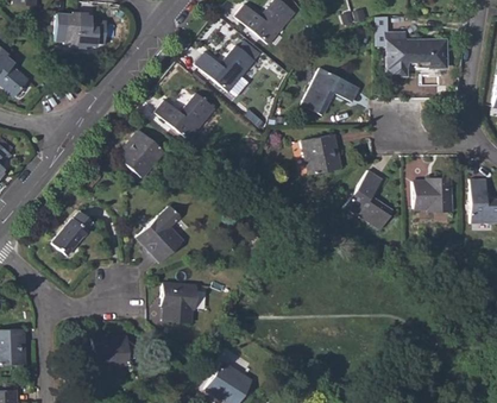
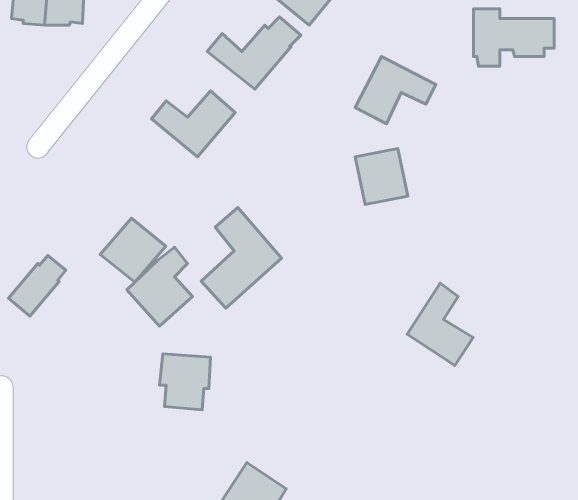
building: [117,131,164,177] -> [100,218,166,282]
building: [345,170,392,229] -> [407,283,473,366]
building: none -> [201,207,281,308]
building: [413,177,451,213] -> none
building: [92,336,128,369] -> none

